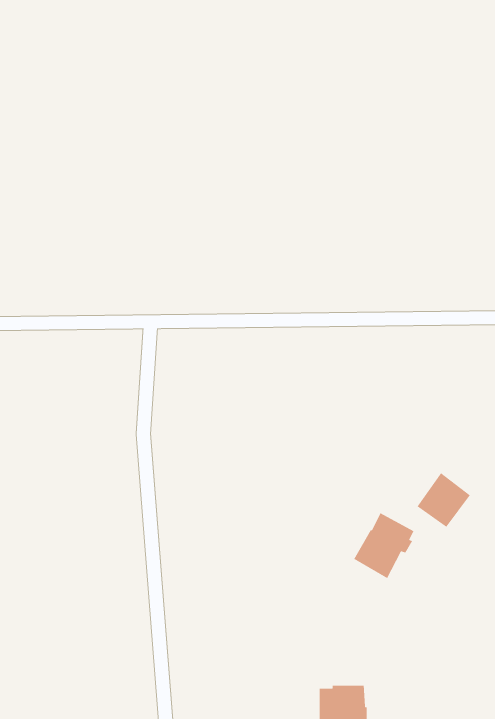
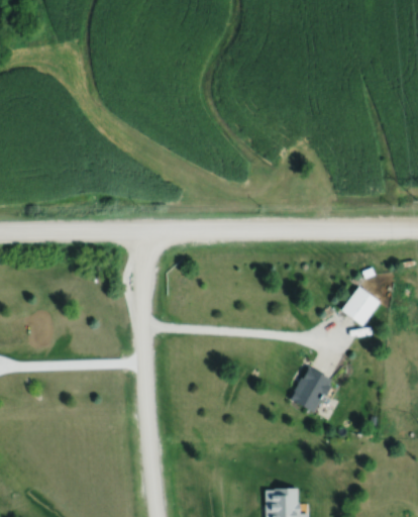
building: [416,472,471,528] -> [342,286,381,325]

